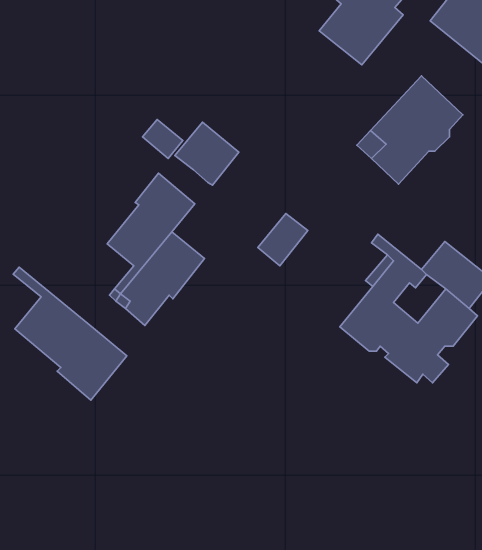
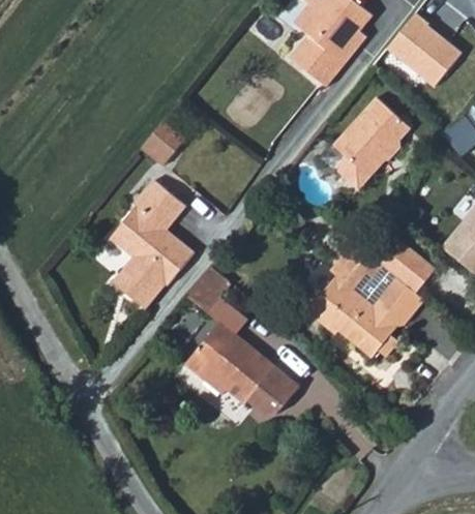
building: [175,122,239,185] -> none
building: [258,213,308,266] -> [186,266,229,310]
building: [13,267,127,400] -> none
building: none -> [186,321,301,415]

